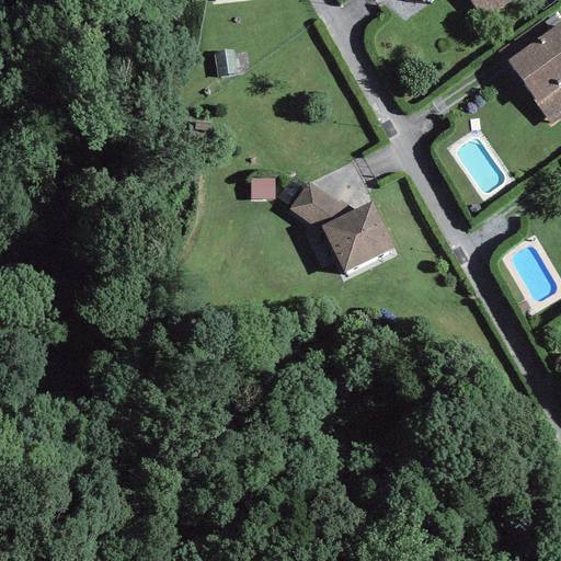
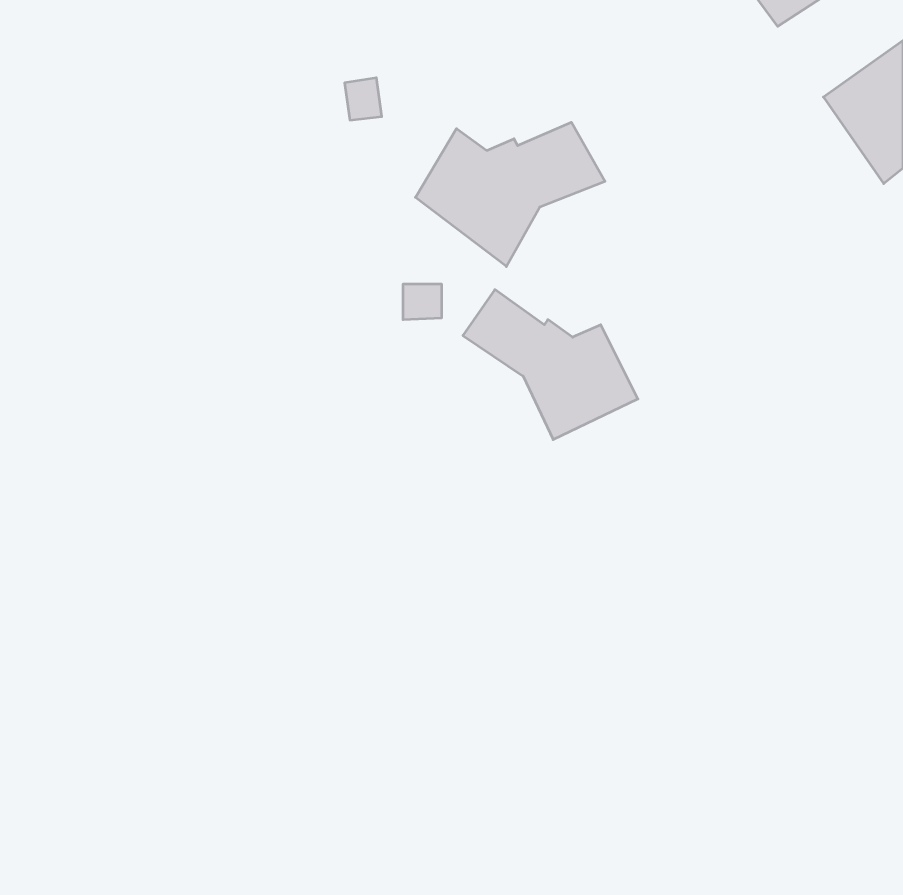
building: none -> [415,122,605,267]

